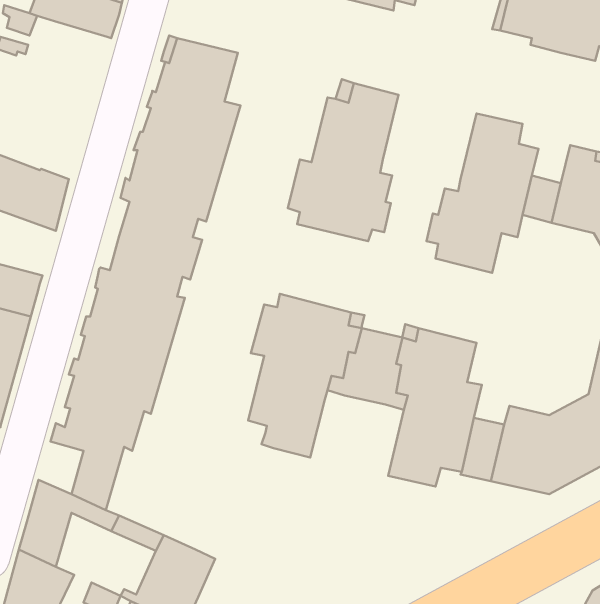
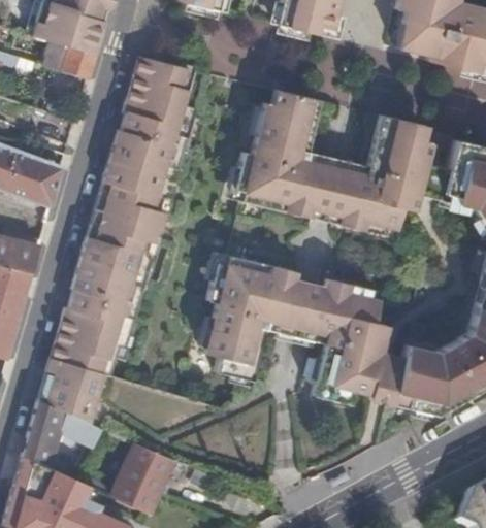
building: none -> [42,41,94,78]
building: none -> [295,150,367,227]
building: none -> [37,370,72,411]

